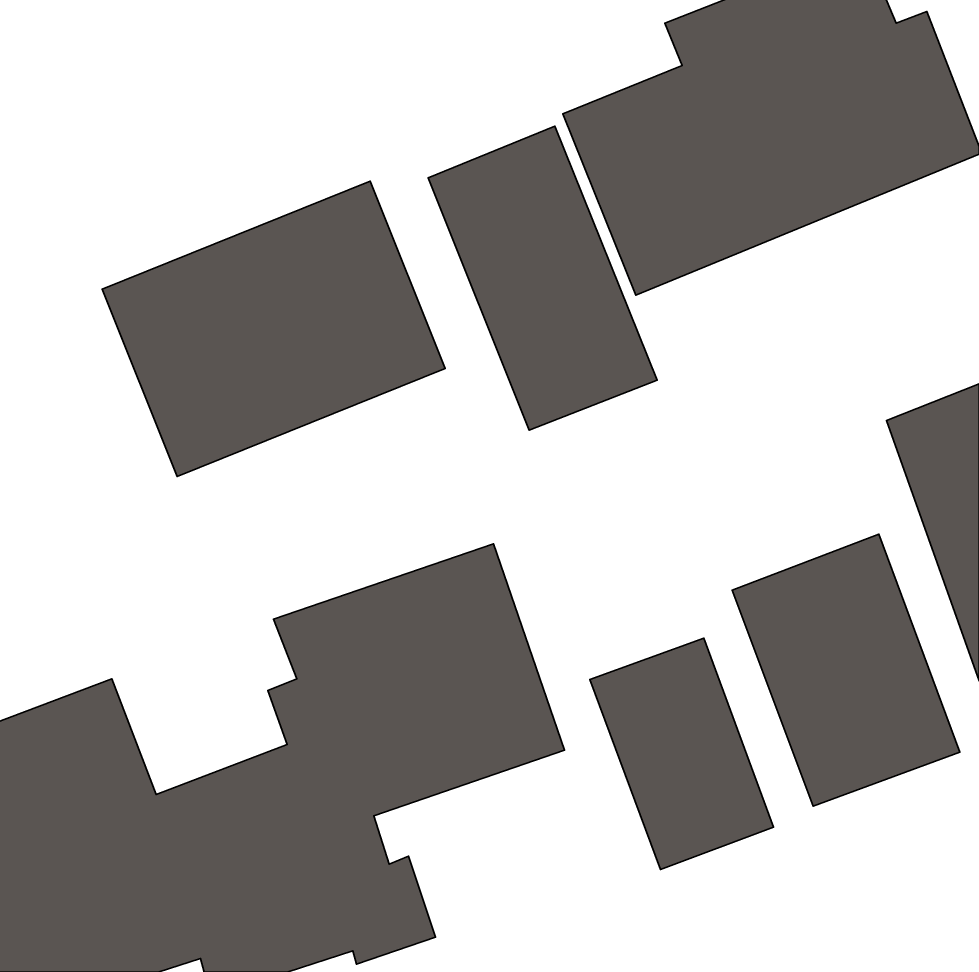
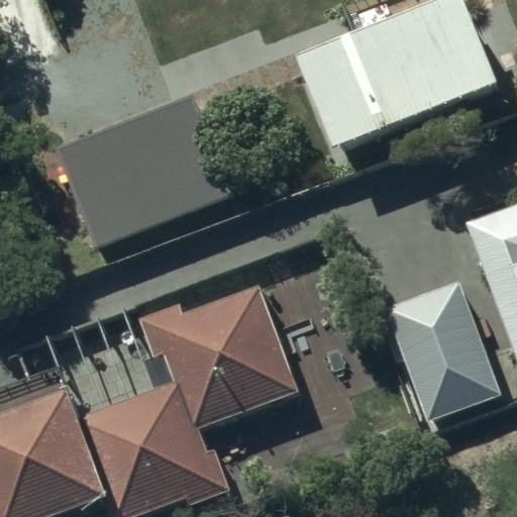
building: [428,126,657,430] -> none
building: [590,638,773,870] -> none

